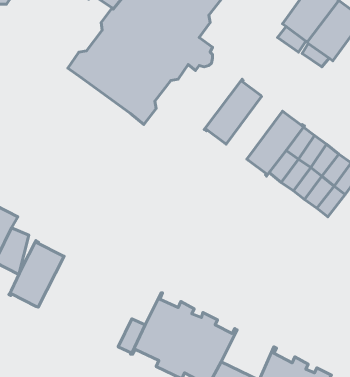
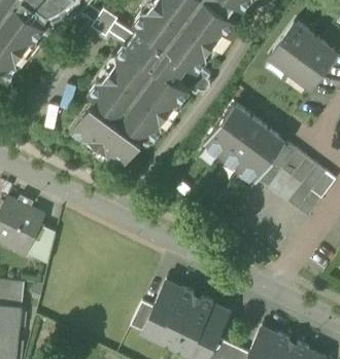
building: none -> [69,102,143,171]
building: none -> [222,117,269,170]
building: [9,240,64,307] -> none

